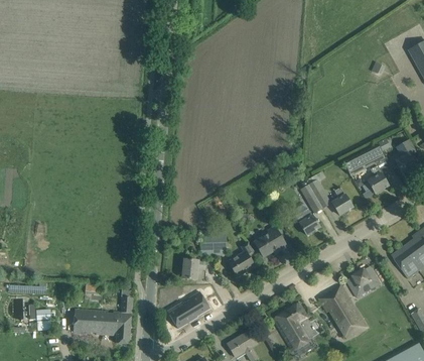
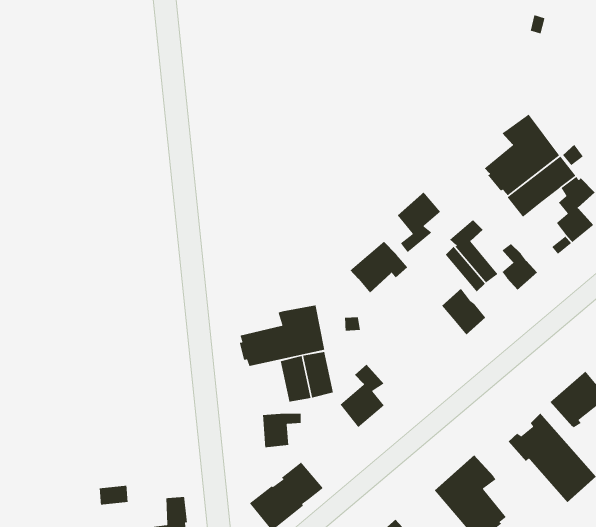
building: none -> [484,114,560,196]
building: none -> [397,191,441,253]
building: none -> [239,304,325,367]
building: [254,229,287,257] -> [349,241,408,294]

